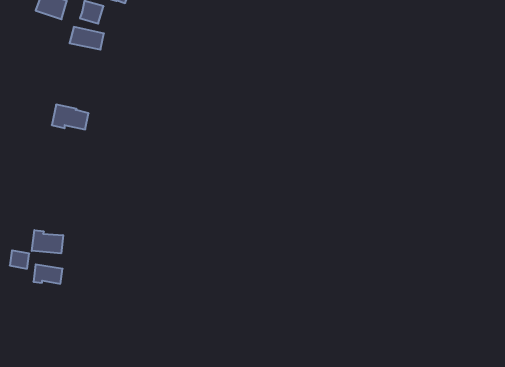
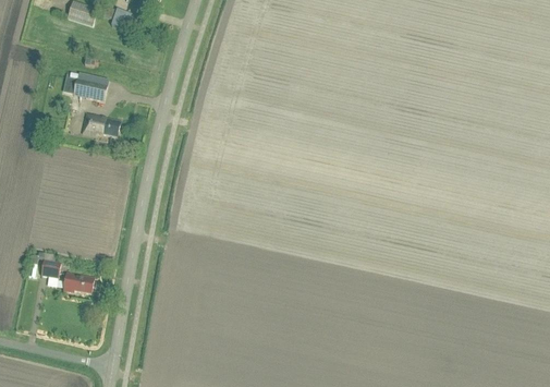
building: [69,27,104,50] -> [72,76,107,99]
building: [32,230,63,253] -> none

